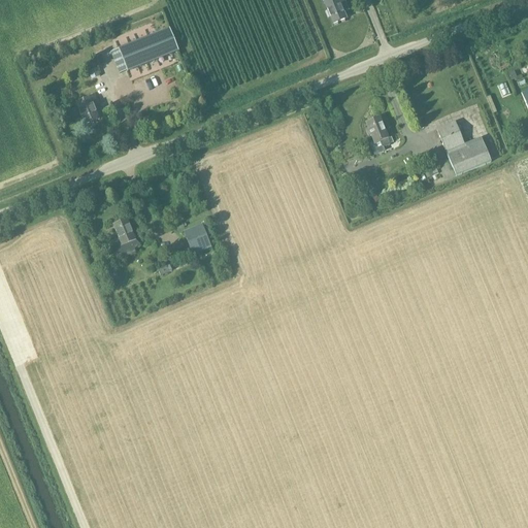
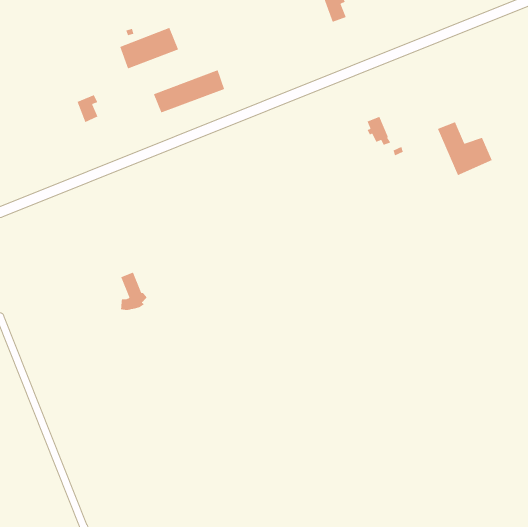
building: none -> [153,69,225,114]
building: [113,218,141,257] -> [120,271,148,311]
building: [185,223,211,253] -> none

